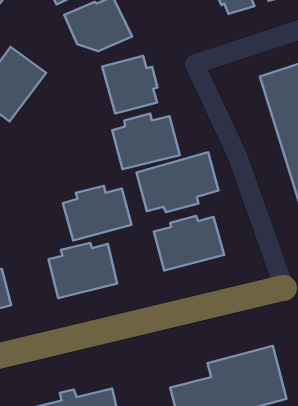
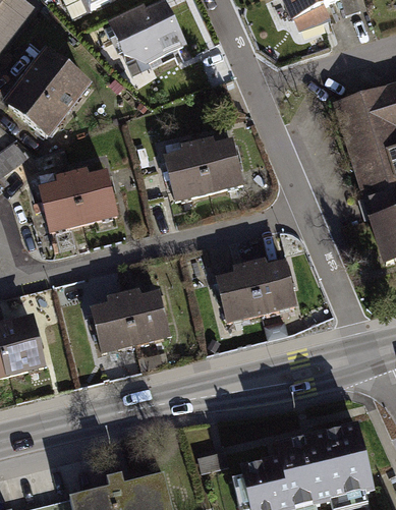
building: [102,56,158,114] -> none
building: [137,152,218,212] -> none
building: [63,186,131,241] -> [39,170,119,234]

